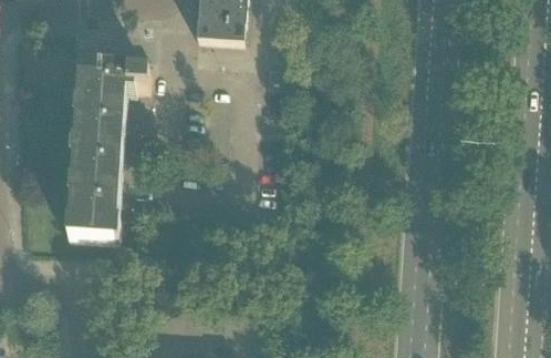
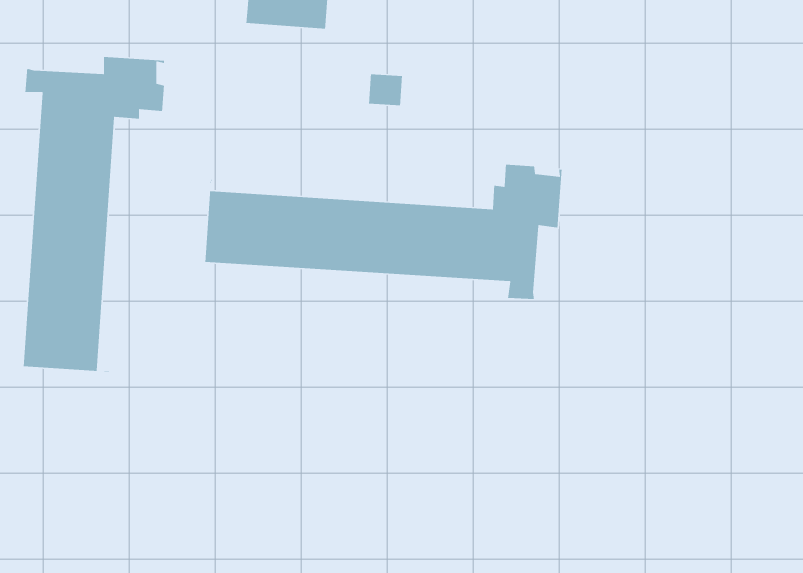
building: none -> [205,164,562,300]

